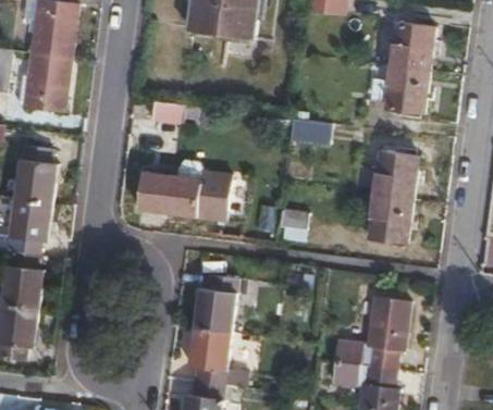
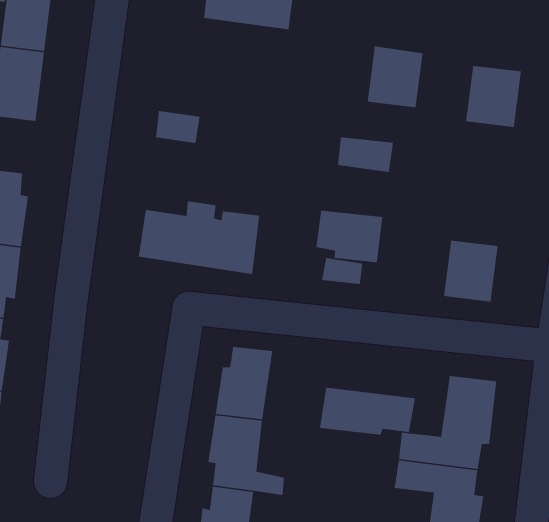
building: [390,23,432,70] -> [367,45,424,108]
building: [373,153,415,200] -> none
building: none -> [316,210,383,263]
building: none -> [319,387,416,436]

